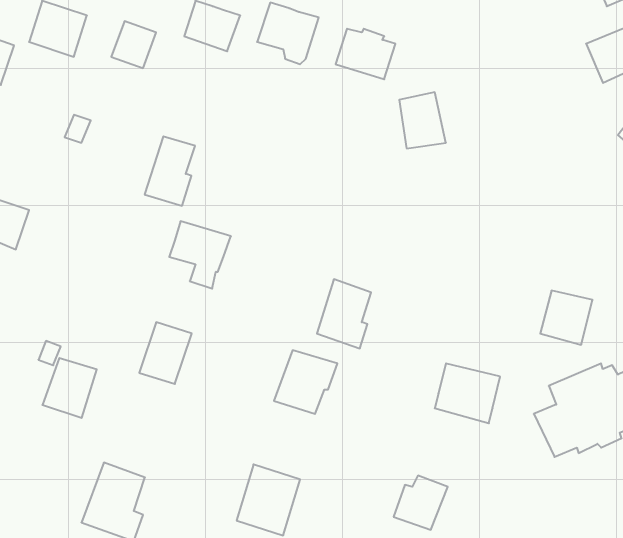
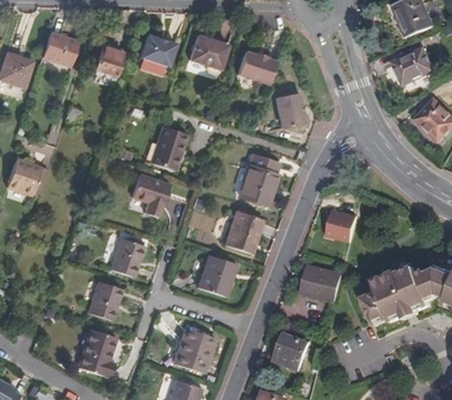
building: [145,136,195,206] -> [150,126,182,170]
building: none -> [237,154,278,205]
building: [540,291,593,345] -> [326,207,359,242]
building: [42,358,97,418] -> [87,282,122,320]

